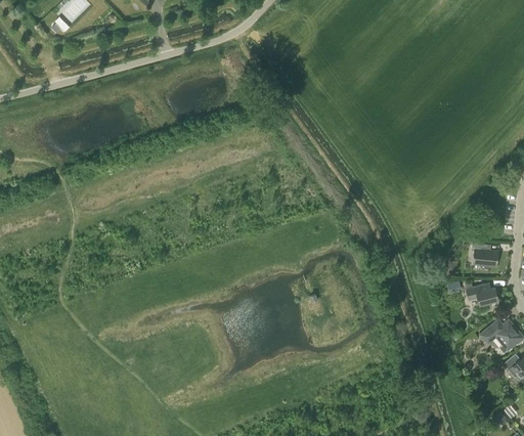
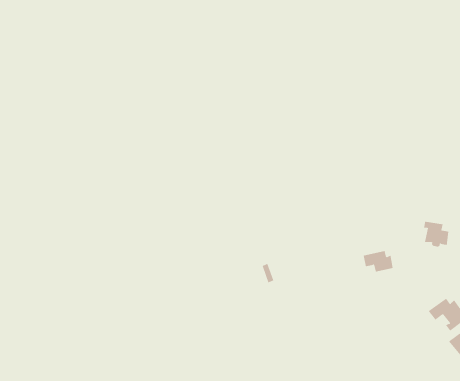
building: [466,282,497,305] -> [363,251,393,272]

